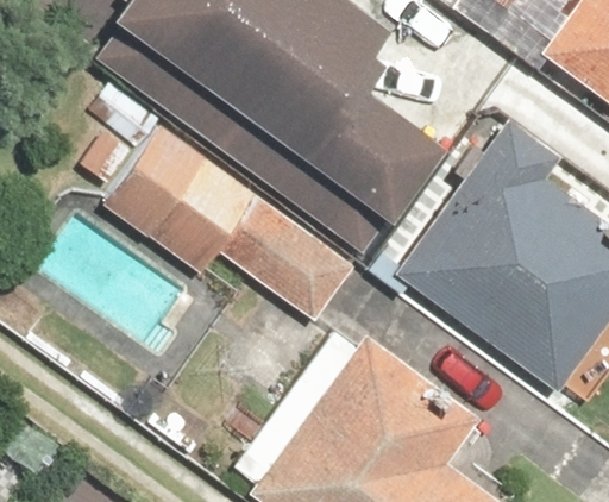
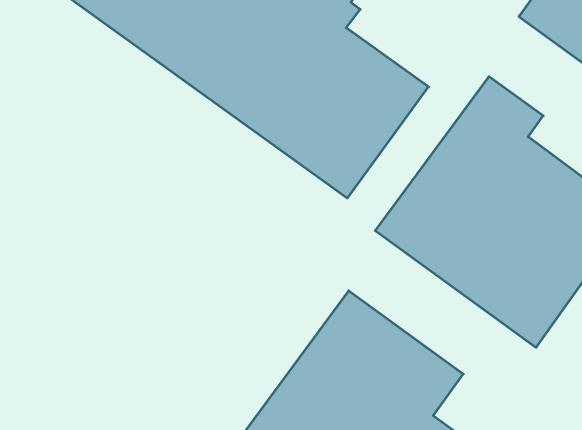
building: [102,120,352,319] -> none

